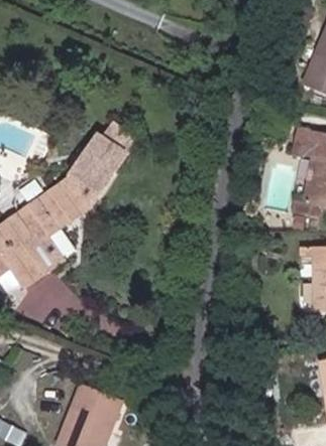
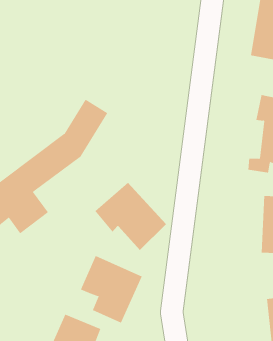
building: none -> [95,182,167,251]
building: none -> [80,255,142,323]

